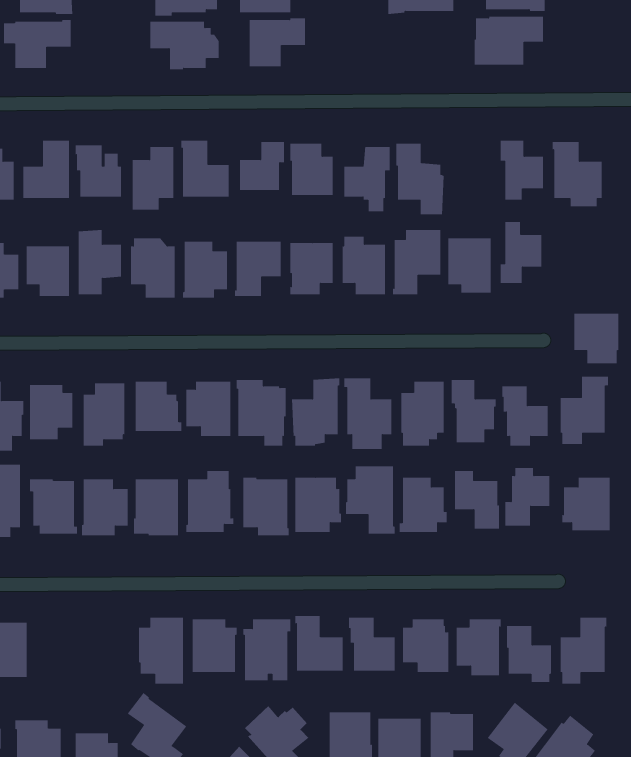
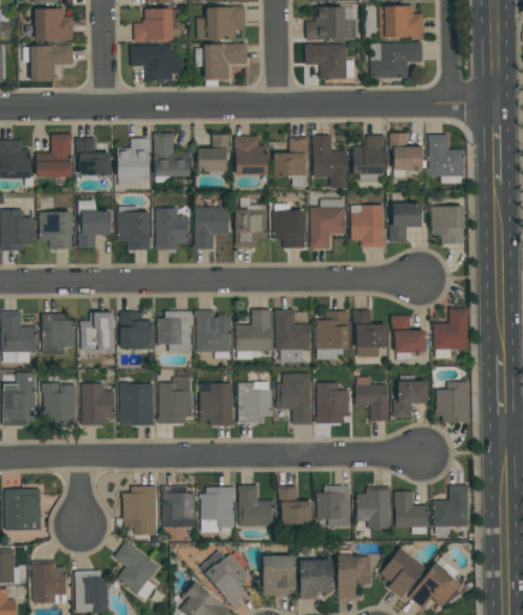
building: none -> [305,43,355,79]
building: none -> [353,136,386,181]
building: [574,313,619,364] -> [432,207,465,244]

